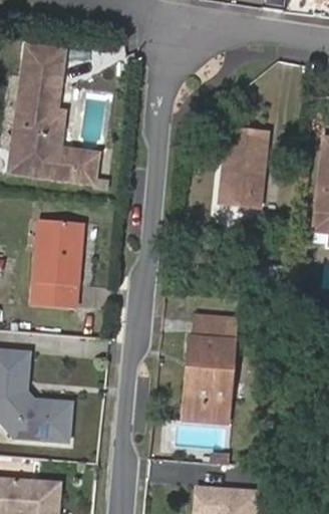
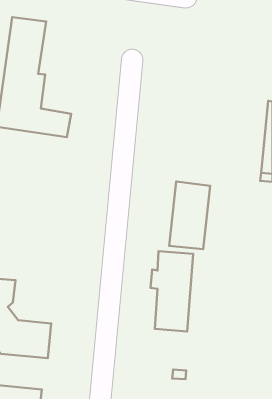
building: [220,128,267,207] -> [169,181,210,249]
building: [32,221,80,308] -> none
building: [183,358,230,424] -> none

